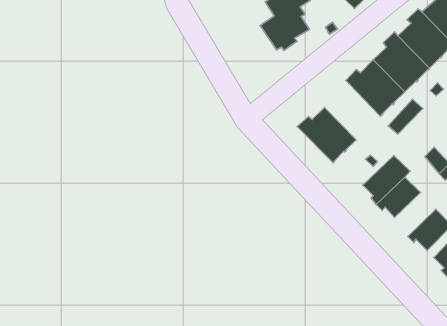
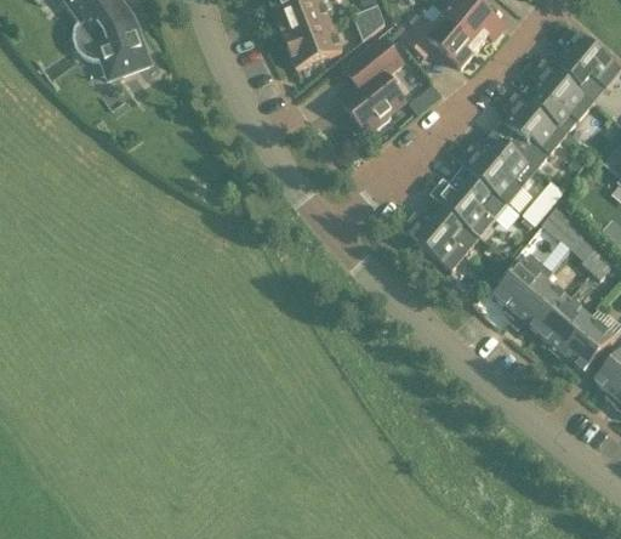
building: none -> [429,166,507,238]
building: none -> [542,208,583,251]
building: none -> [539,299,591,357]

